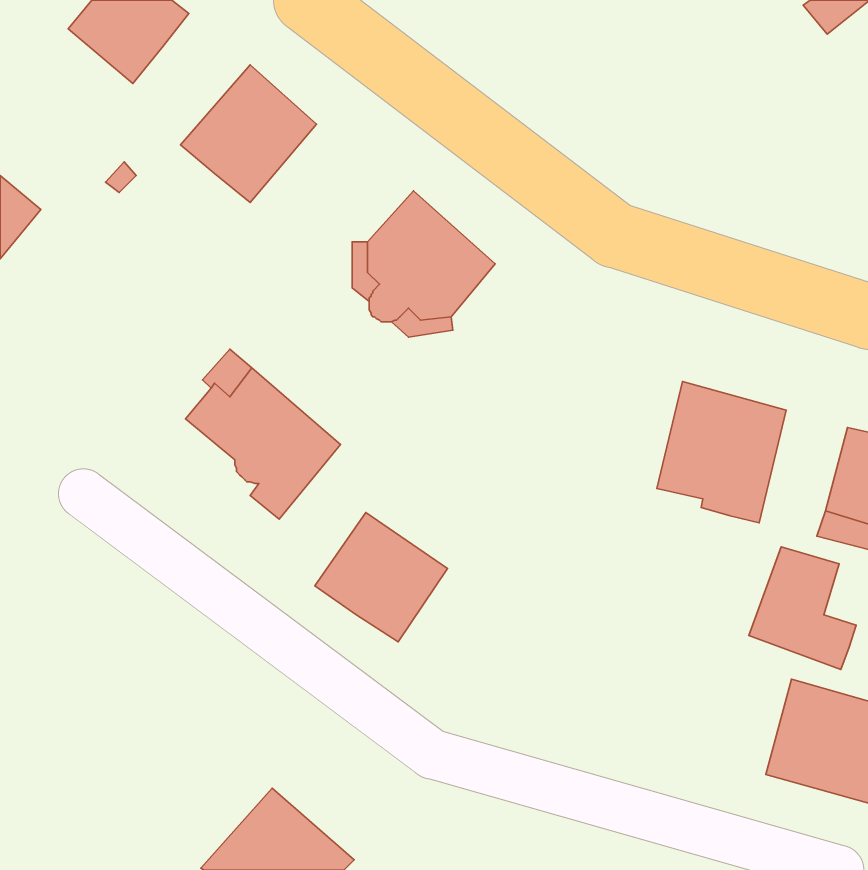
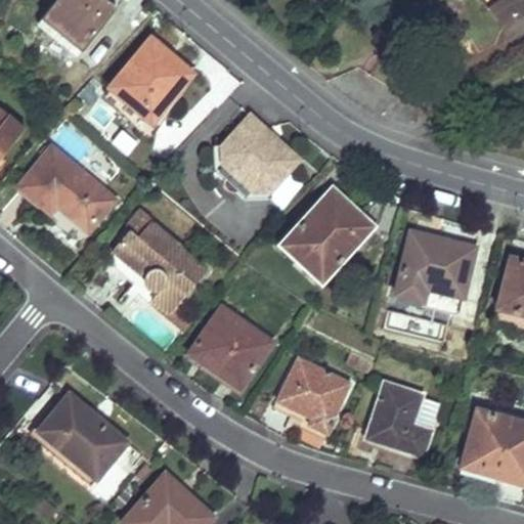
building: none -> [19,147,113,230]
building: none -> [279,187,374,283]
building: [749,547,856,669] -> [366,383,431,456]
building: none -> [272,355,351,434]
building: none -> [39,394,126,477]

